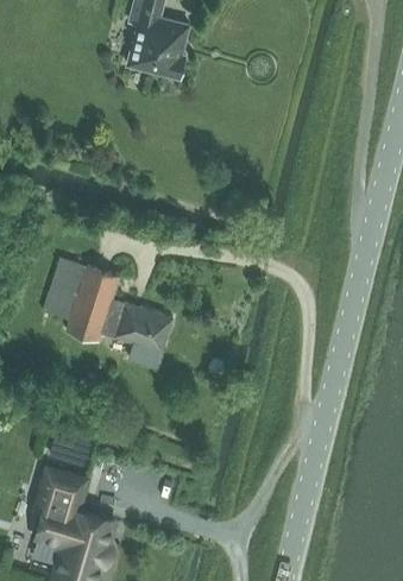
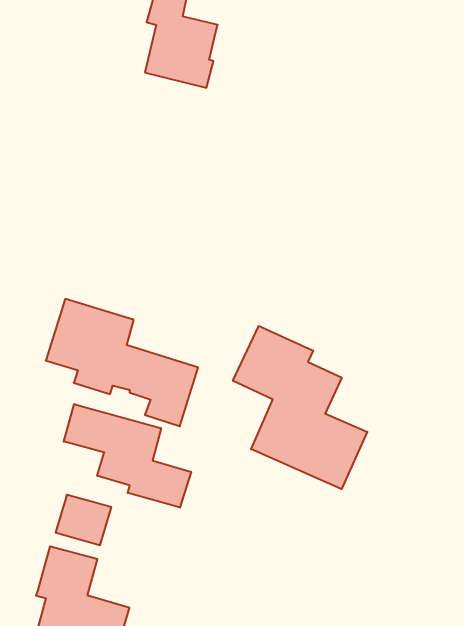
building: none -> [233,326,367,489]
building: none -> [64,404,191,508]

